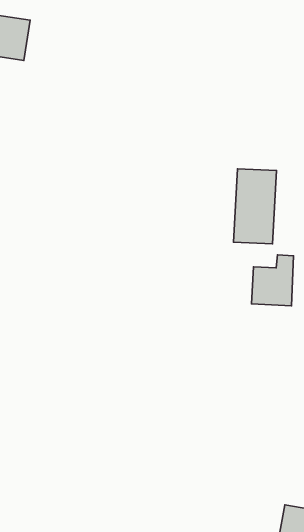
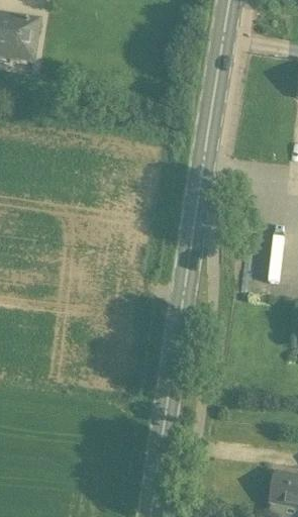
building: [234,169,276,244] -> none

